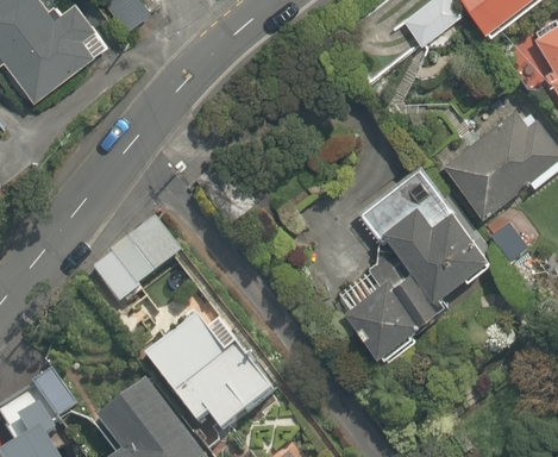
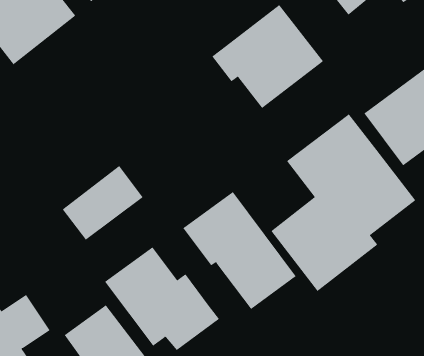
building: none -> [211,4,324,109]
building: none -> [183,191,297,310]

